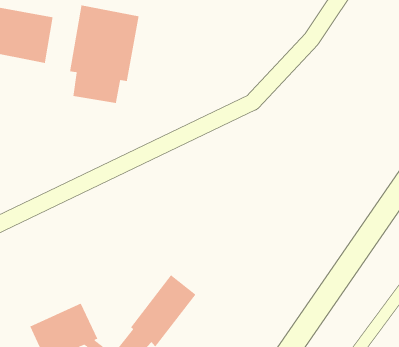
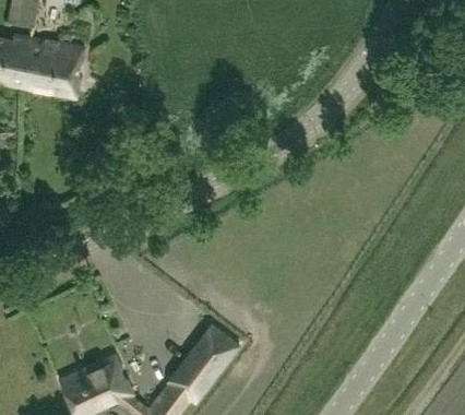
building: [69,5,140,104] -> none

